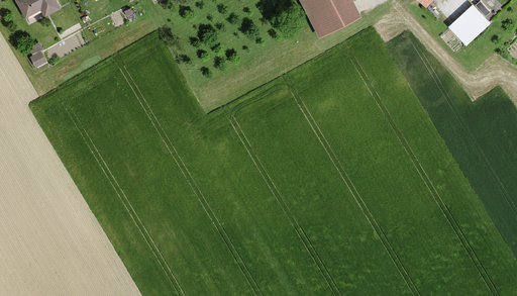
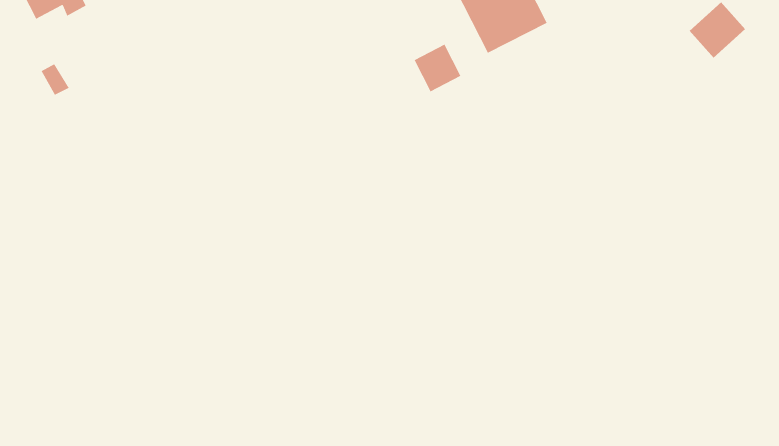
building: none -> [413,43,461,92]

